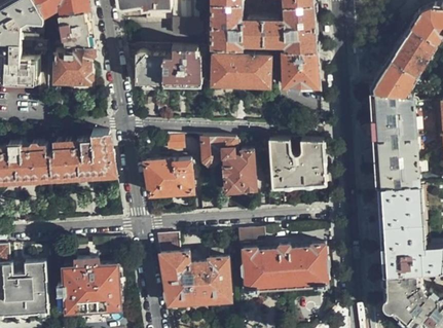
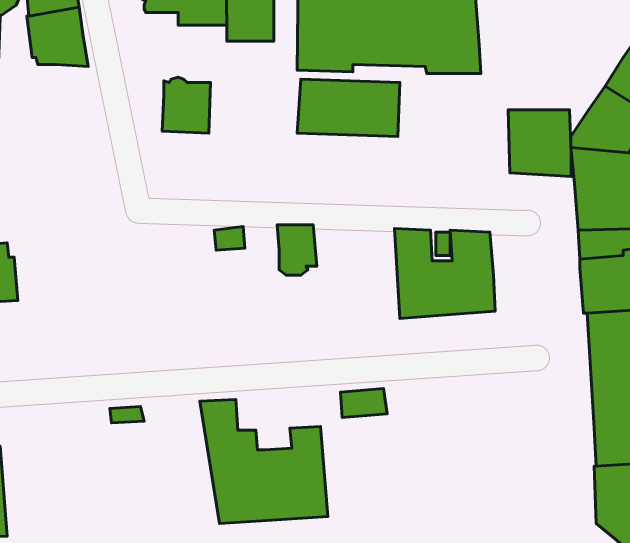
building: [54,44,95,80] -> none
building: [162,47,200,83] -> none
building: [283,49,319,87] -> [508,110,571,176]
building: [51,132,115,179] -> none
building: [222,136,255,191] -> none
building: [145,160,192,195] -> none
building: [243,245,327,291] -> none
building: [57,259,119,313] -> none

